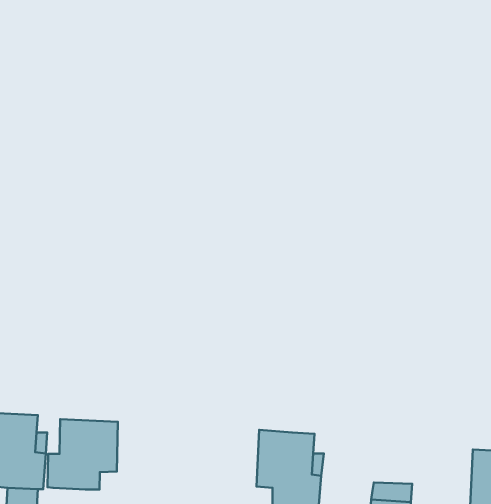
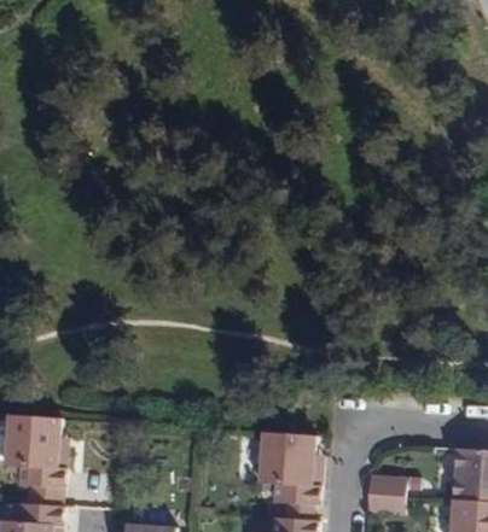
building: [47,419,118,490] -> none

